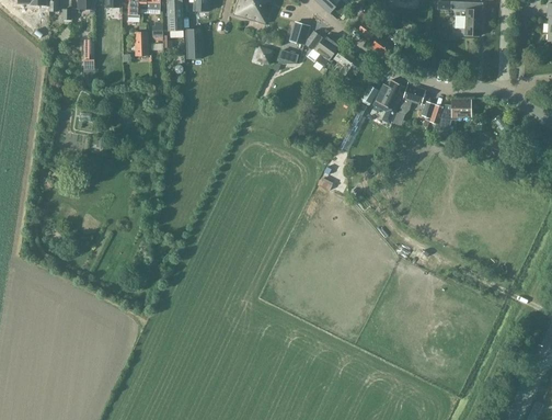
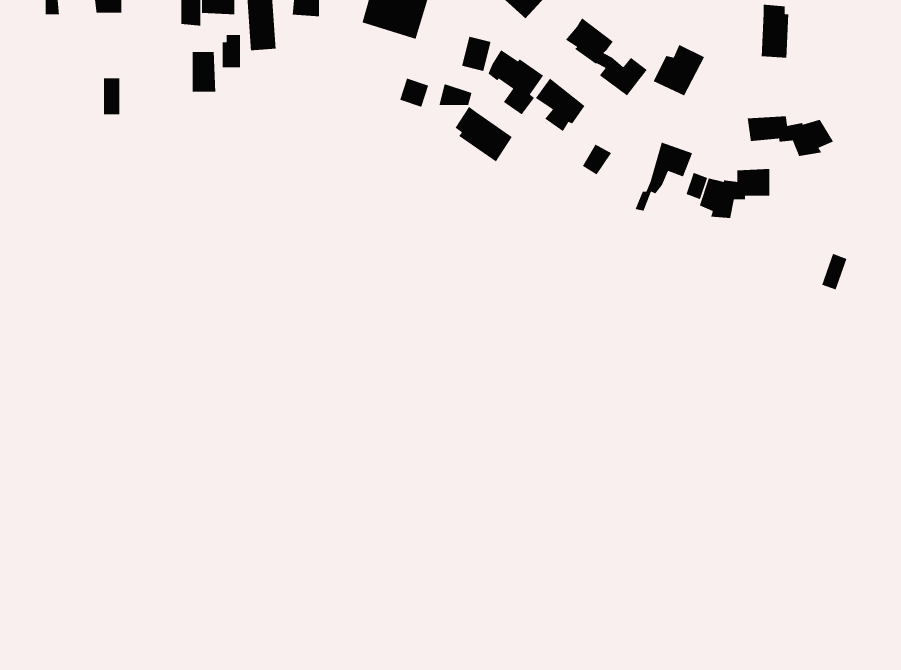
building: [184,29,203,57] -> none
building: none -> [455,106,513,162]
building: none -> [747,116,834,157]
building: [375,79,405,110] -> [653,44,705,97]

